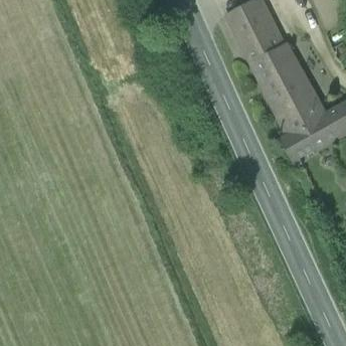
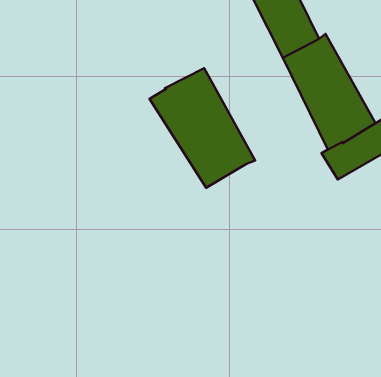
building: none -> [150,68,255,188]

